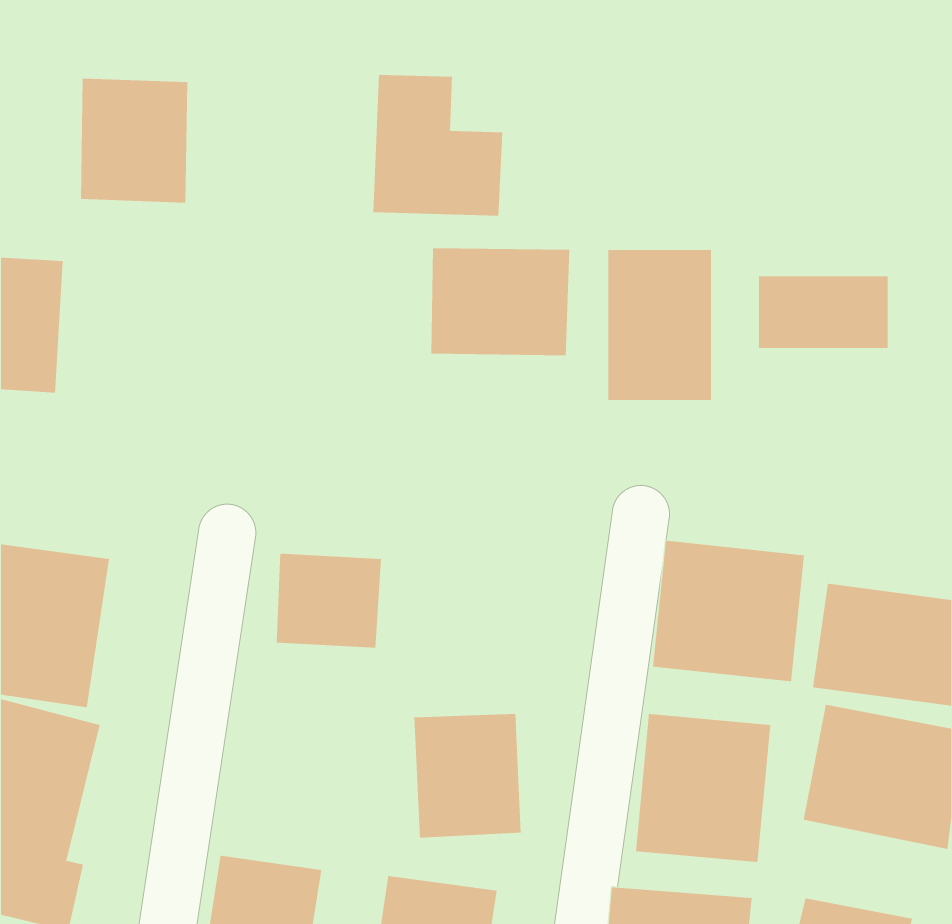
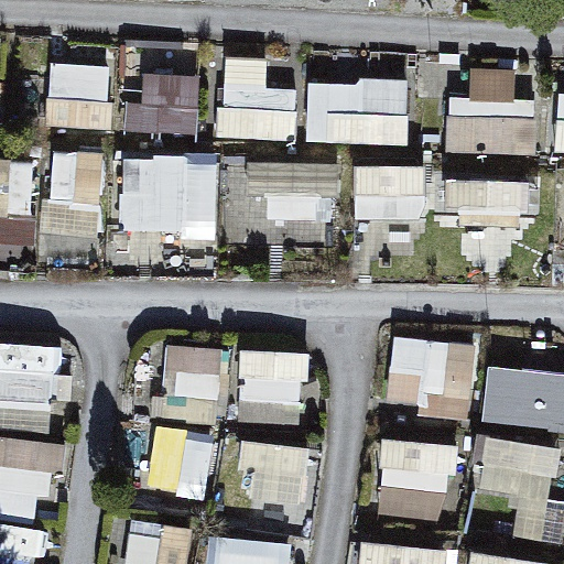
building: none -> [129,74,202,140]
building: none -> [455,74,528,161]
building: none -> [306,82,408,148]
building: none -> [46,151,101,238]
building: none -> [120,154,216,235]
building: none -> [238,346,306,417]
building: none -> [138,425,217,499]

